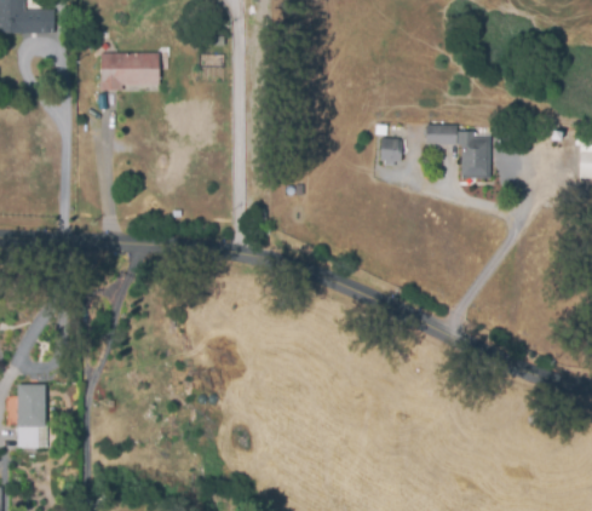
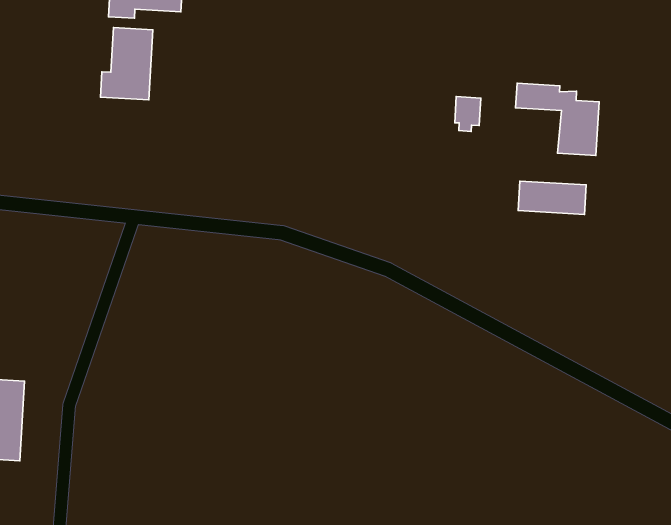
building: none -> [100,27,153,100]
building: none -> [518,181,586,214]

